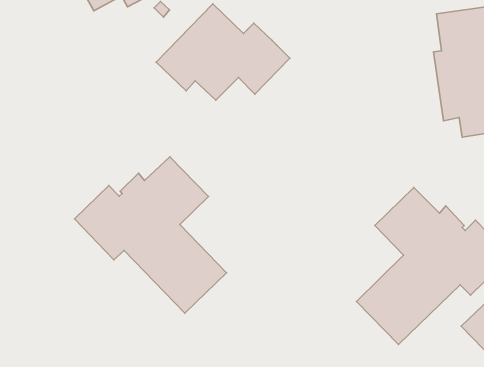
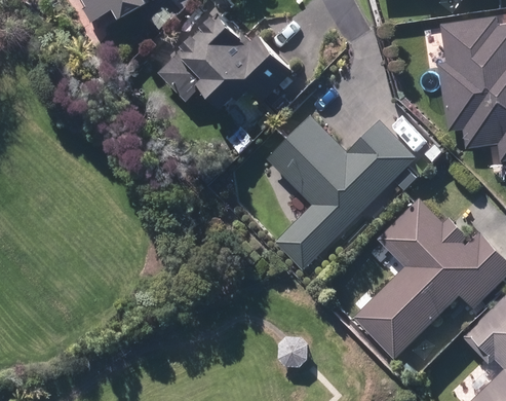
building: none -> [266,114,418,270]
building: [74,157,227,313] -> none

